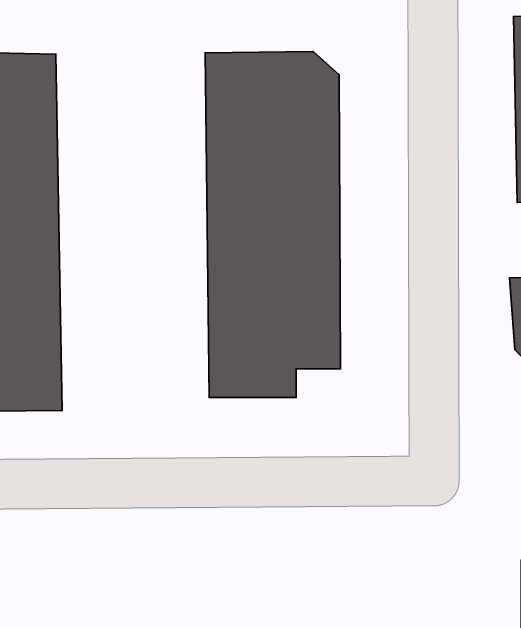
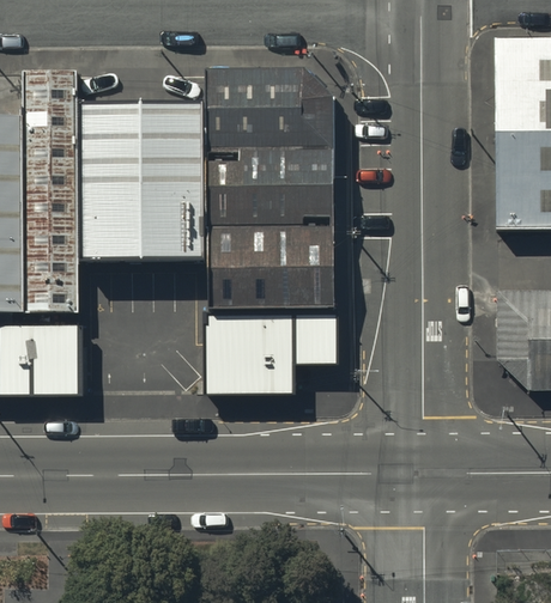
building: none -> [84,97,207,267]

